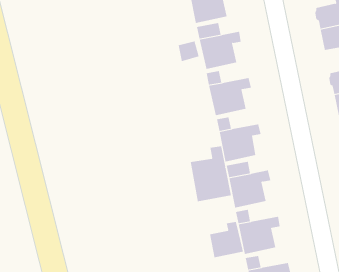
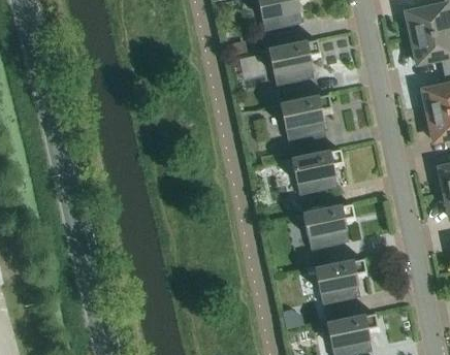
building: [190,145,231,202] -> none
building: [209,221,244,258] -> none

